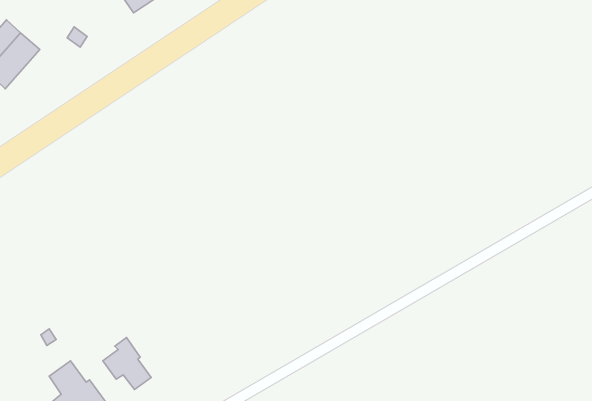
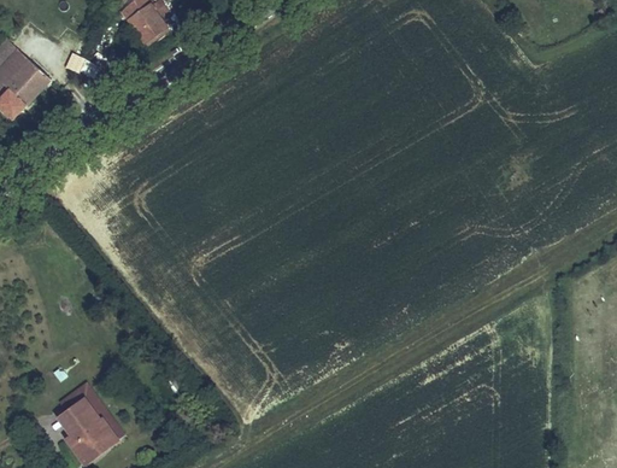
building: [103,337,151,389] -> none

